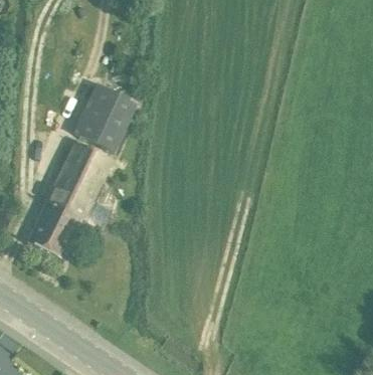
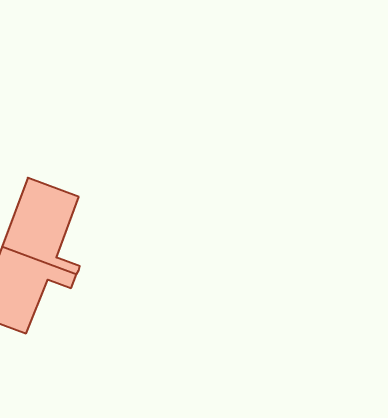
building: [73,81,138,151] -> none

